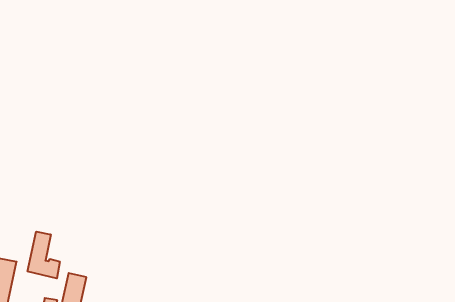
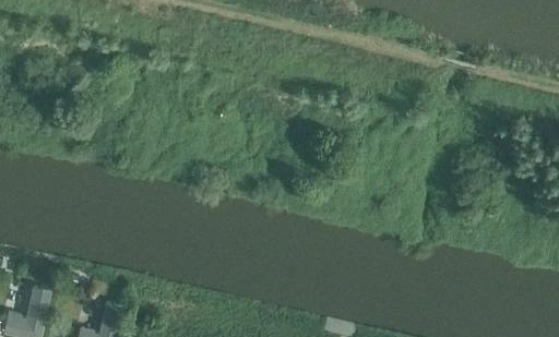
building: [28,232,60,278] -> none

